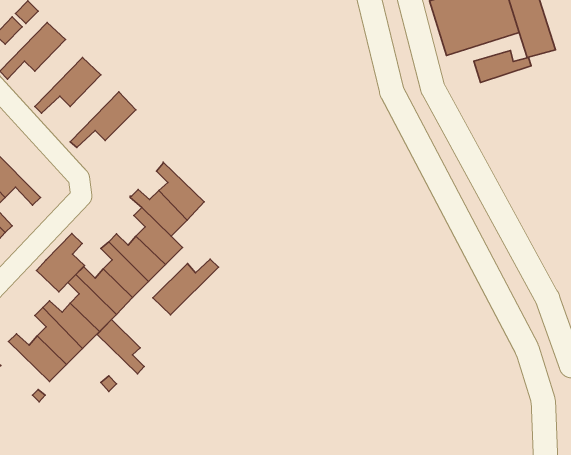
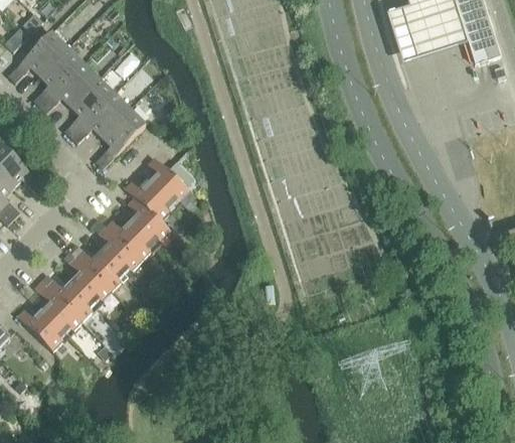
building: none -> [32,46,80,106]
building: [474,51,531,82] -> none
building: none -> [63,78,113,137]
building: none -> [95,109,144,167]
building: [36,234,84,292] -> none
building: [153,259,219,315] -> none
building: [97,320,144,374] -> none

